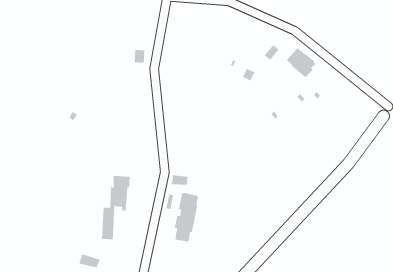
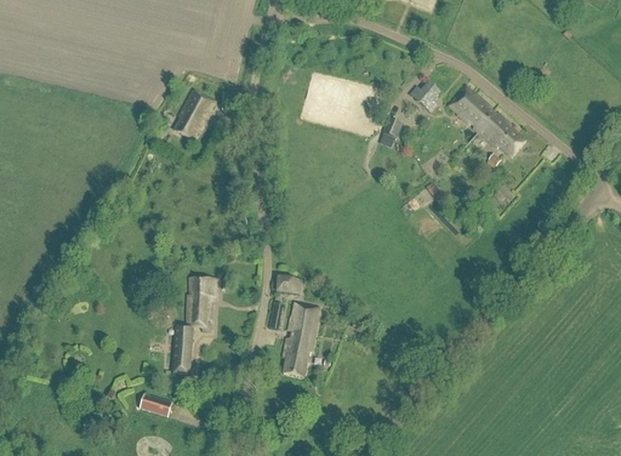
building: none -> [173,89,216,139]
building: none -> [478,110,525,155]

